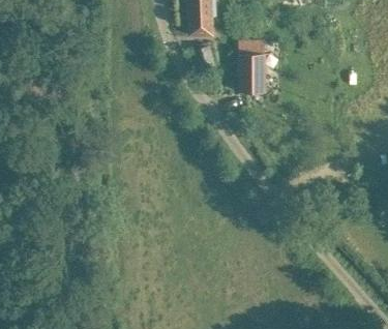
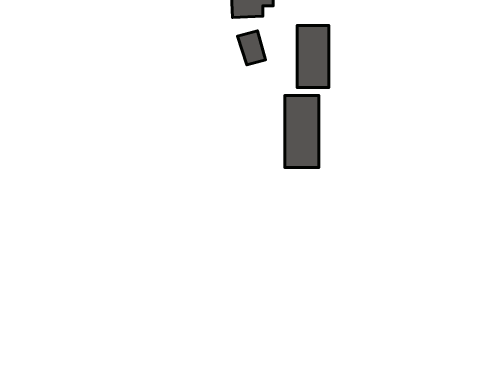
building: none -> [285,95,319,168]

